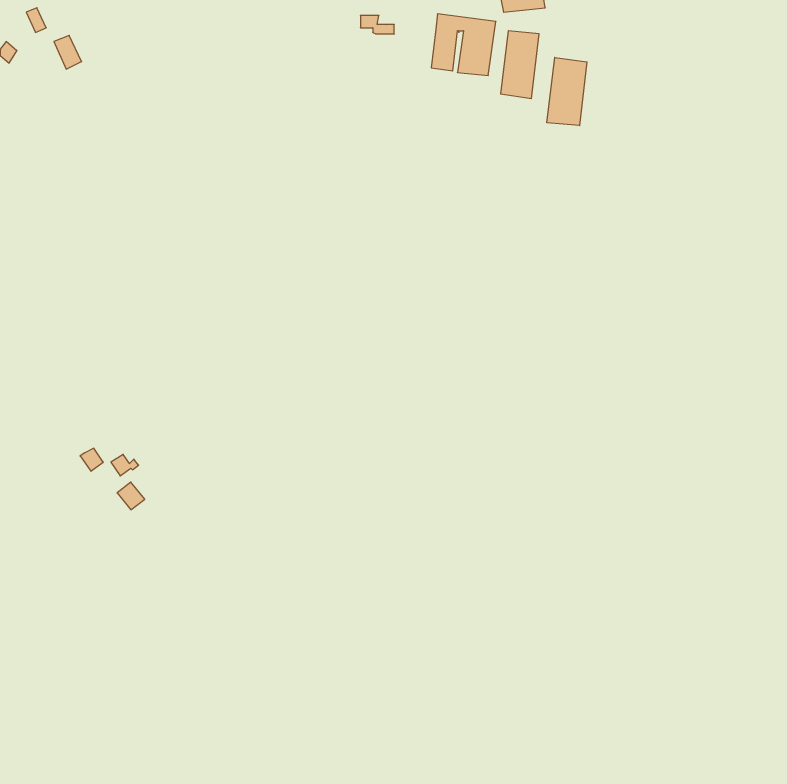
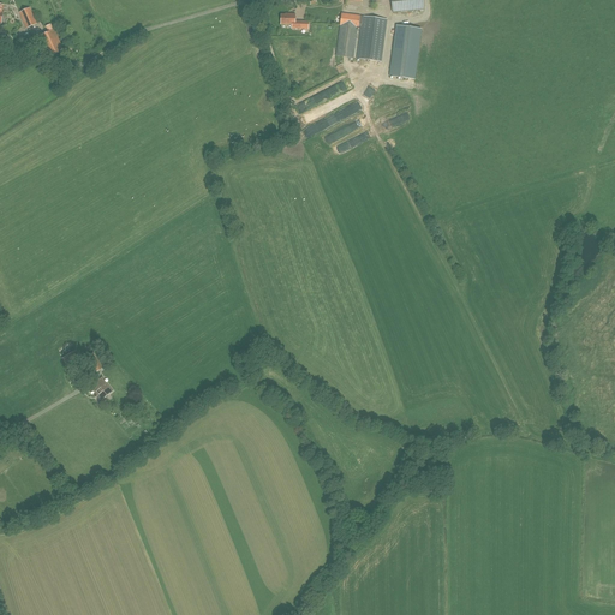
building: [547,57,587,126] -> none

